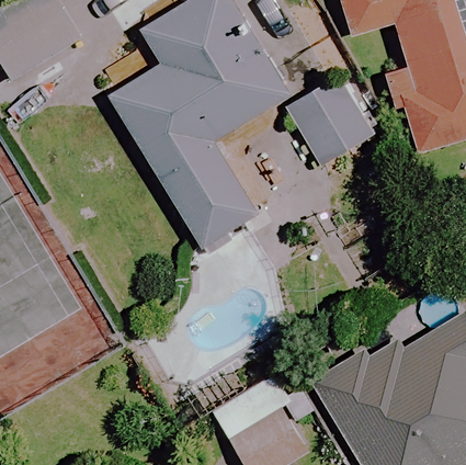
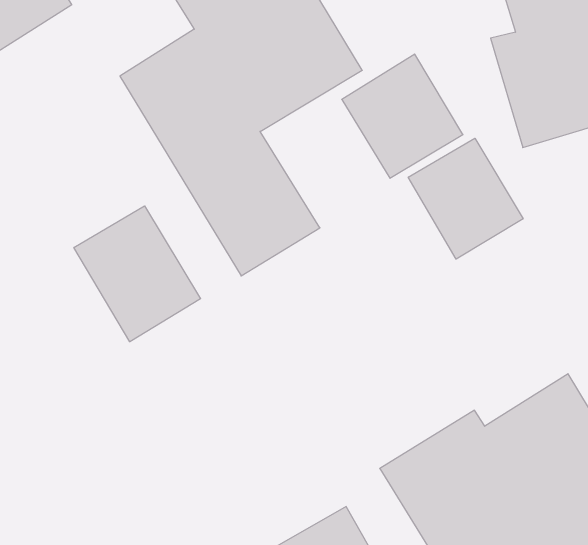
building: none -> [408,138,523,259]
building: none -> [74,206,201,342]

